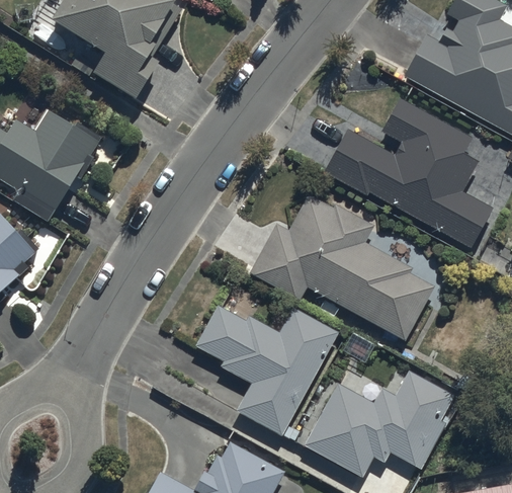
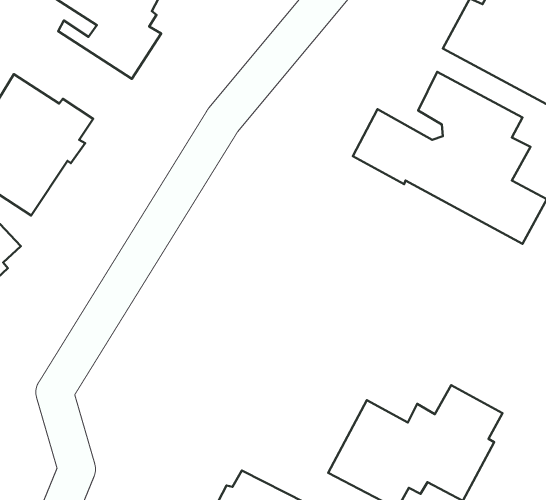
building: [249,193,434,340] -> none
building: [194,304,338,435] -> none

